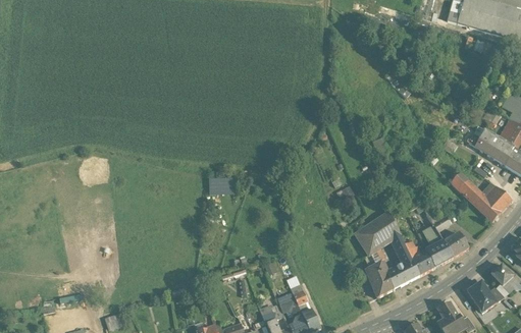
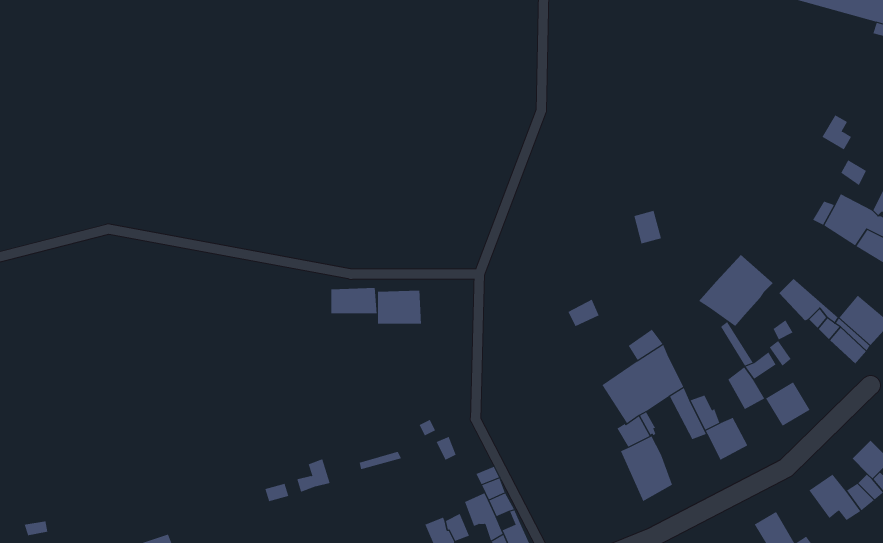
building: none -> [698,254,774,327]
building: none -> [378,290,421,325]
building: [426,240,453,266] -> none
building: [387,260,419,287] -> none

